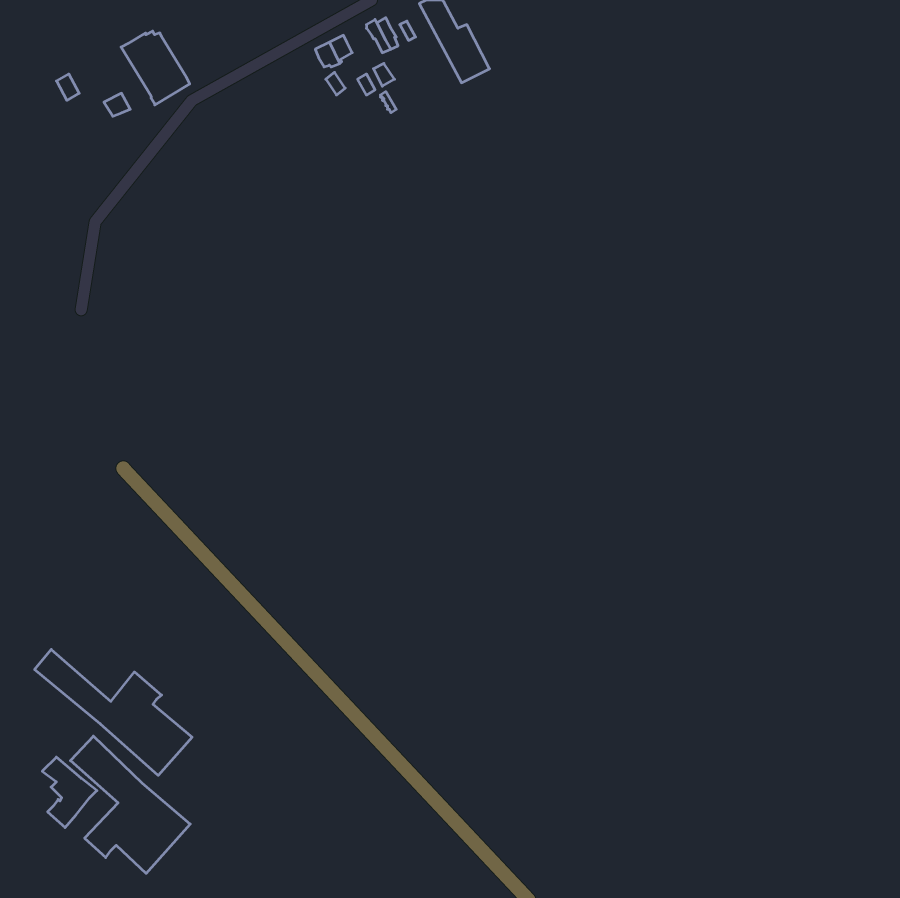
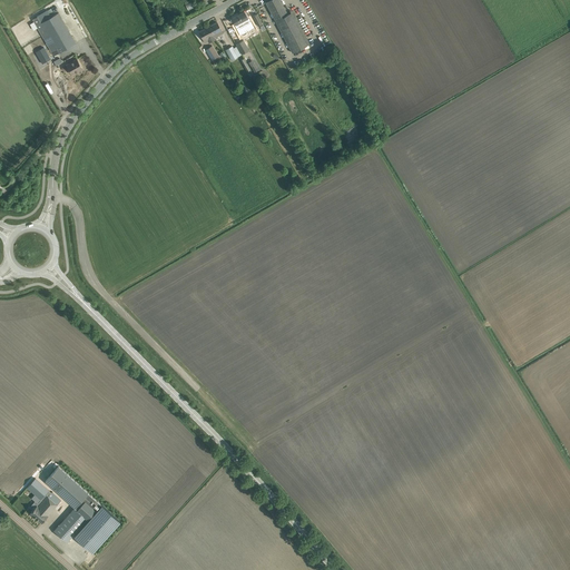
building: [121,31,190,105] -> [32,10,76,57]
building: [35,649,192,775] -> none

